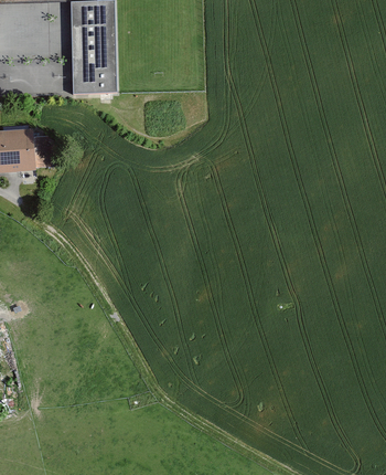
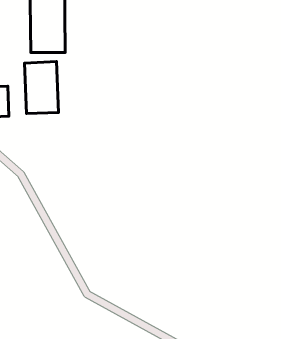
building: none -> [25,62,59,113]

